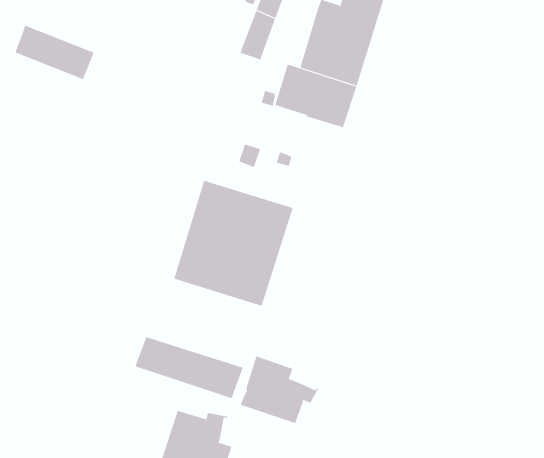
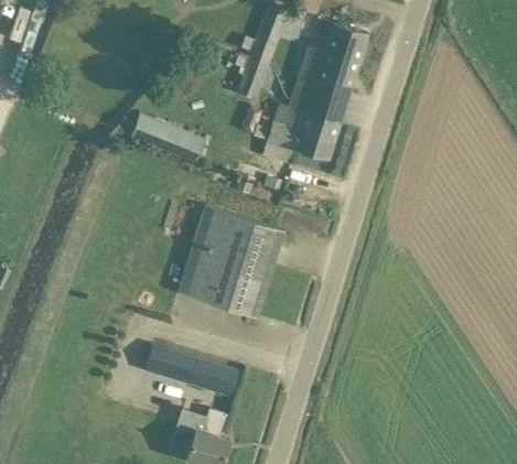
building: [15,25,95,80] -> [131,112,202,161]
building: [240,355,319,424] -> none

